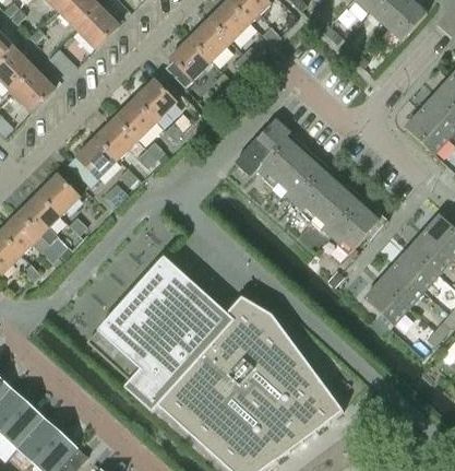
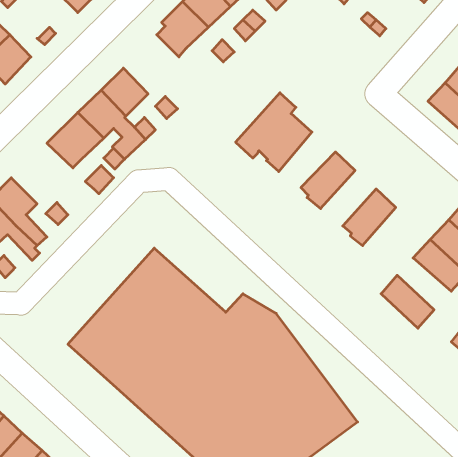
building: [135,74,176,119] -> none
building: [273,153,323,202] -> none
building: [36,174,80,216] -> none
building: [310,187,359,236] -> none
building: [378,264,426,310] -> none

